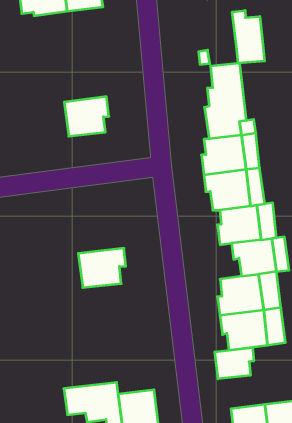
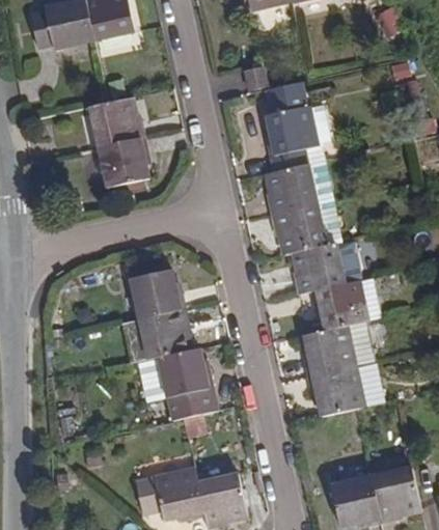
building: [232,10,265,63] -> none
building: none -> [89,95,147,146]
building: none -> [124,270,186,322]
building: none -> [132,350,217,428]
building: [215,347,254,379] -> none

